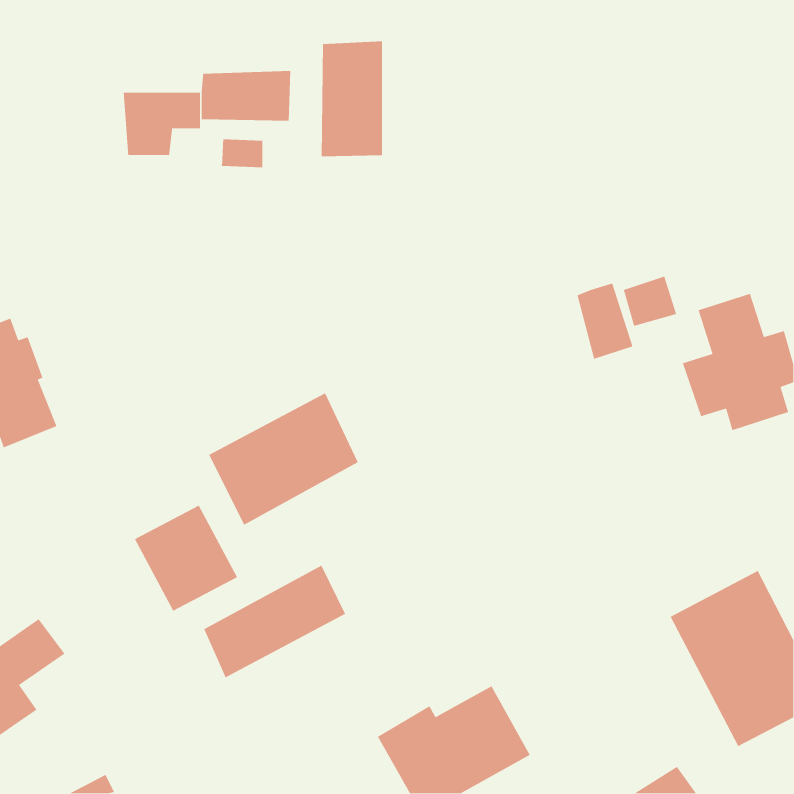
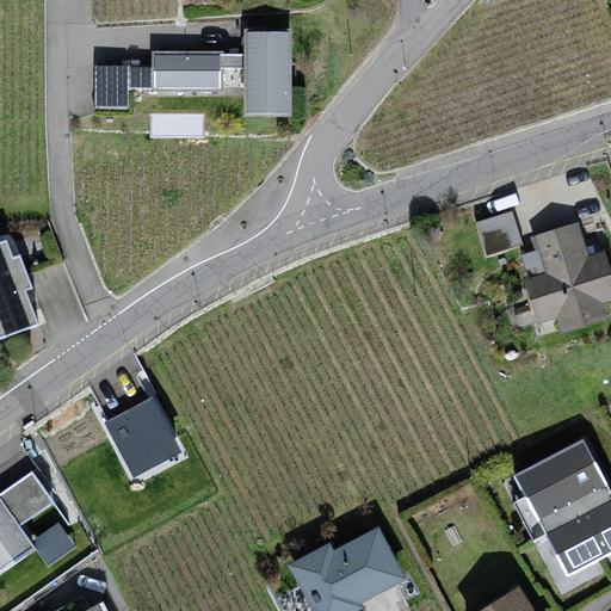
building: [577,283,633,360] -> none
building: [208,392,359,526] -> none
building: [203,564,346,678] -> none

